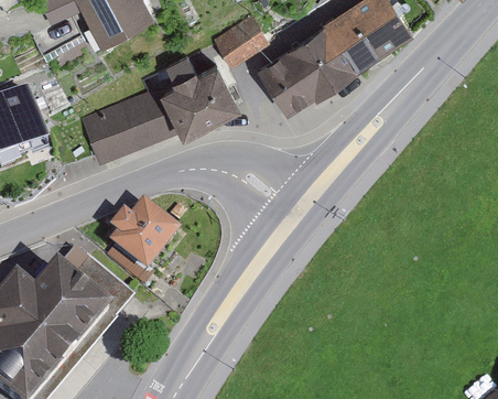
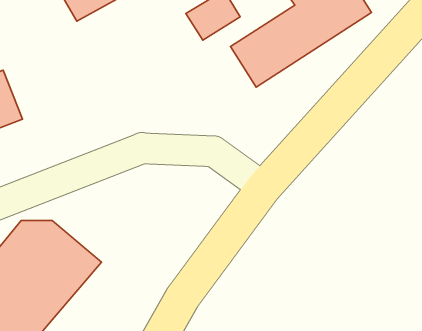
building: [88,63,246,164] -> none
building: [104,206,173,285] -> none

